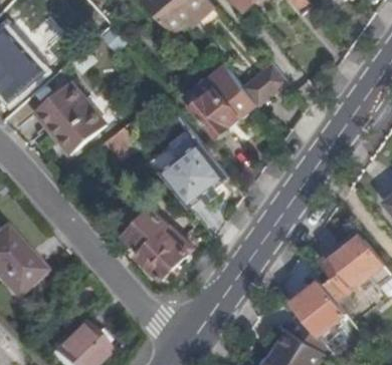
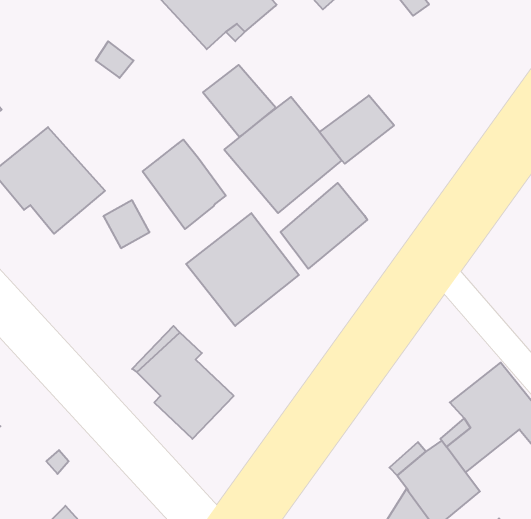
building: none -> [203,65,276,137]
building: none -> [143,140,226,229]
building: none -> [281,183,367,269]

